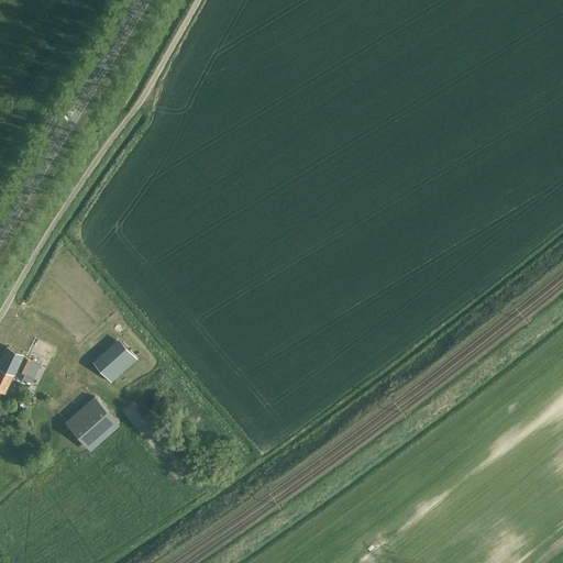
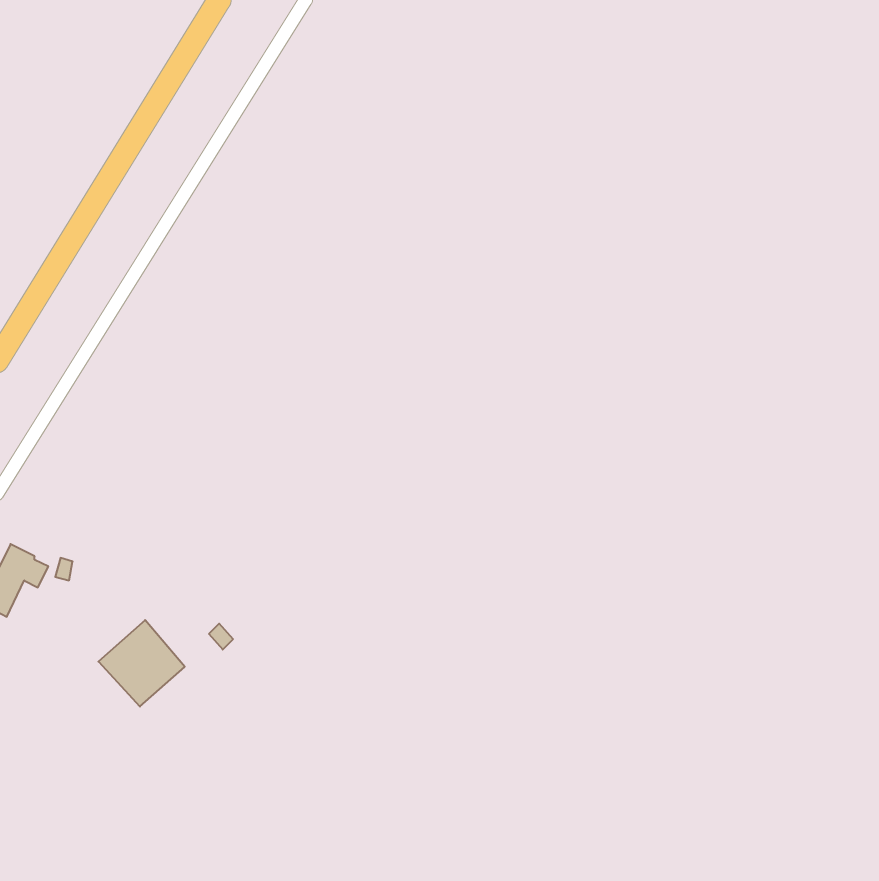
building: [91,339,135,383] -> none

